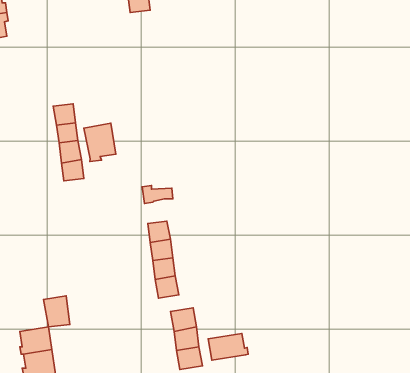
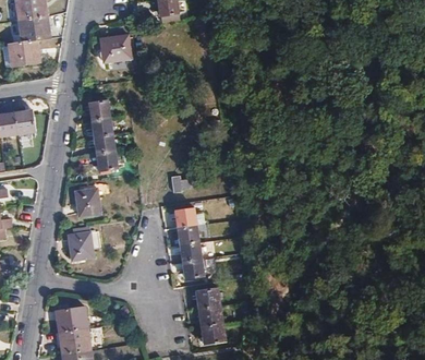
building: none -> [99,35,130,62]
building: [84,123,116,162] -> none
building: none -> [75,188,100,216]
building: [44,296,70,327] -> [68,231,92,260]
building: [208,334,248,360] -> none

